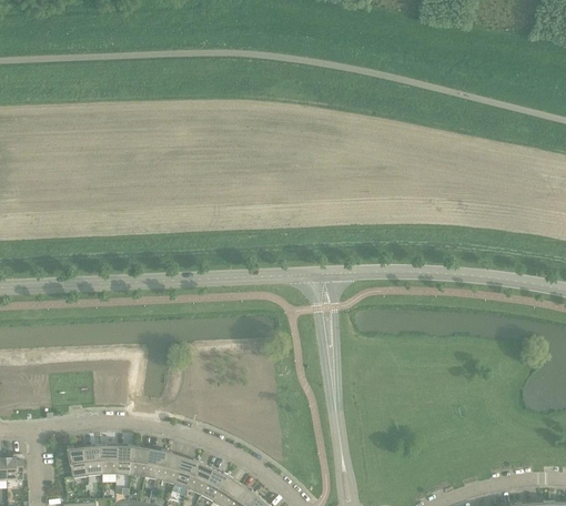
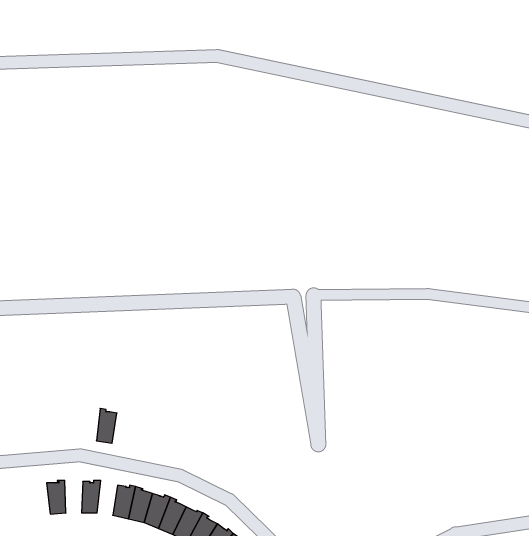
building: [100,444,117,475] -> none
building: [130,445,149,477] -> [96,408,117,443]
building: [67,447,87,478] -> none

